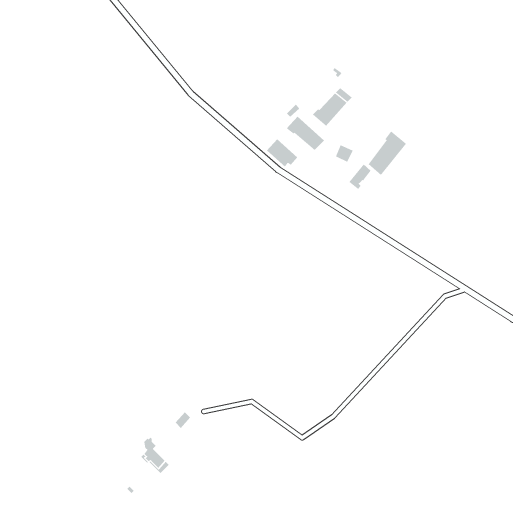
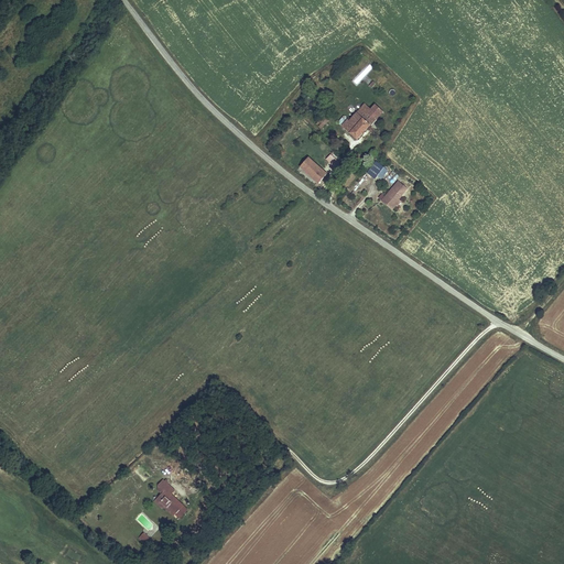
building: [286,116,325,151] -> none
building: [368,131,407,176] -> none

